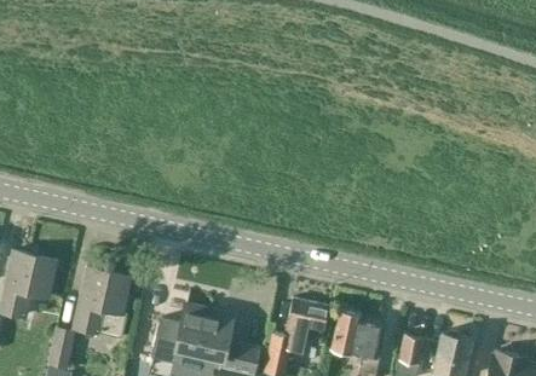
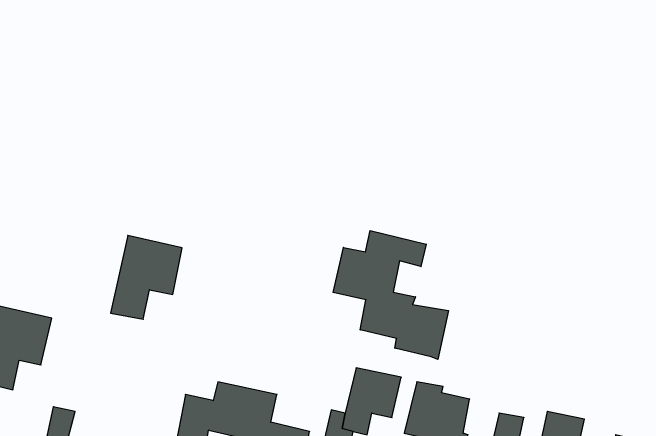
building: none -> [333,231,448,359]
building: [75,268,131,334] -> [111,235,182,319]

